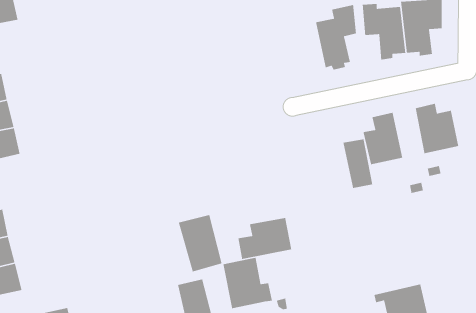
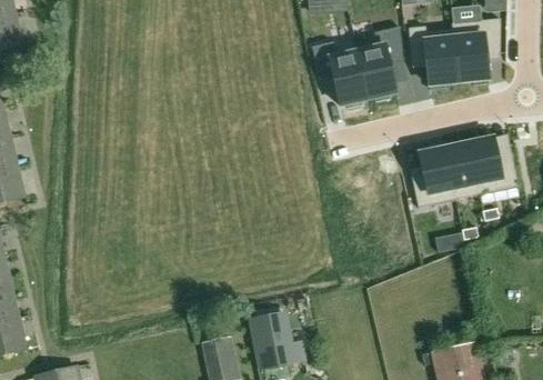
building: none -> [312,41,368,108]
building: [343,138,373,189] -> [444,142,479,199]
building: [178,214,223,272] -> none
building: [237,217,292,260] -> none

